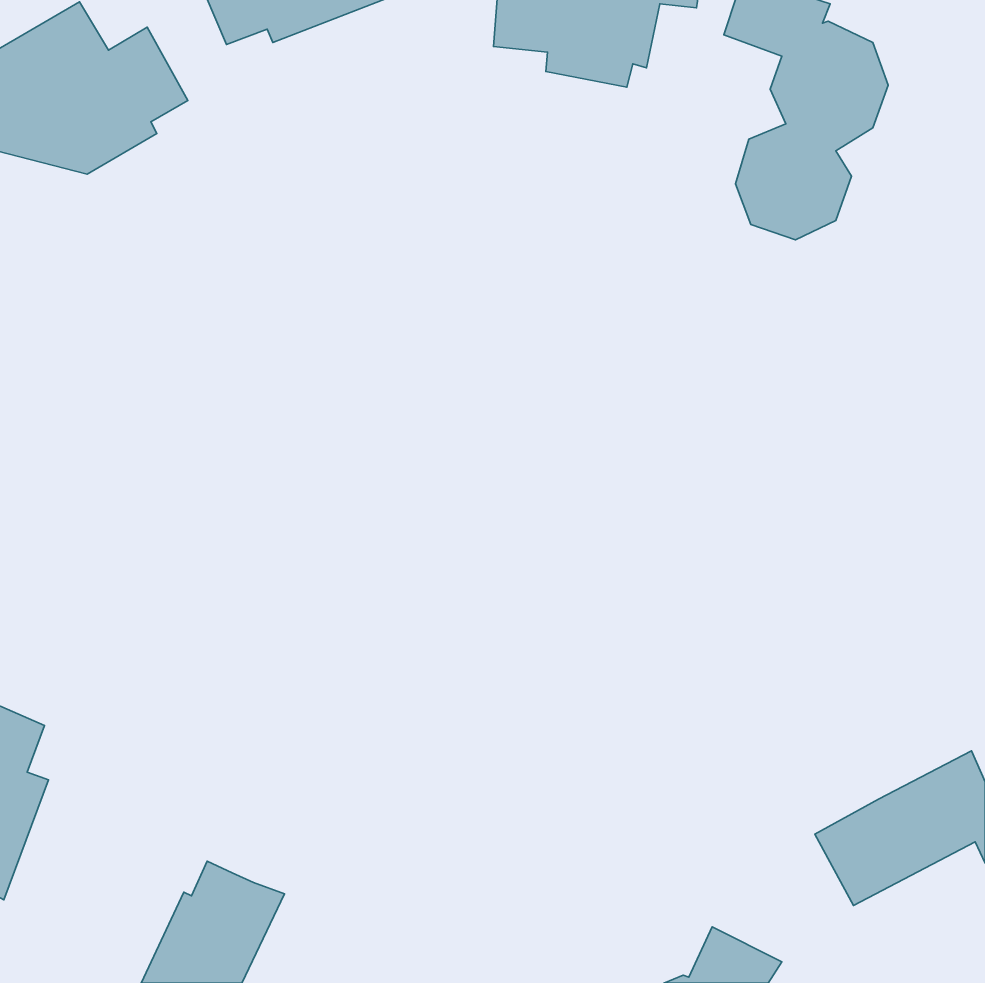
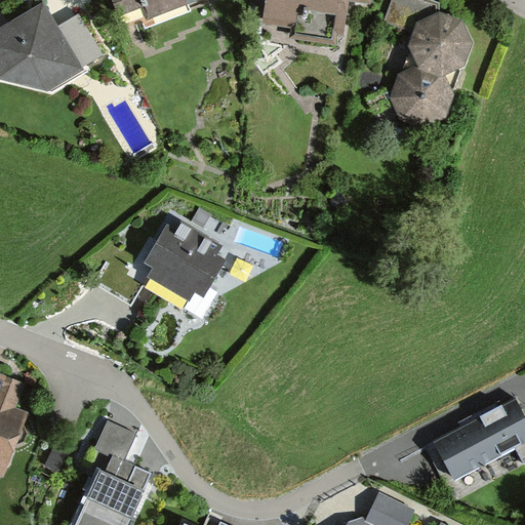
building: none -> [143,214,223,300]
building: none -> [92,420,135,462]

